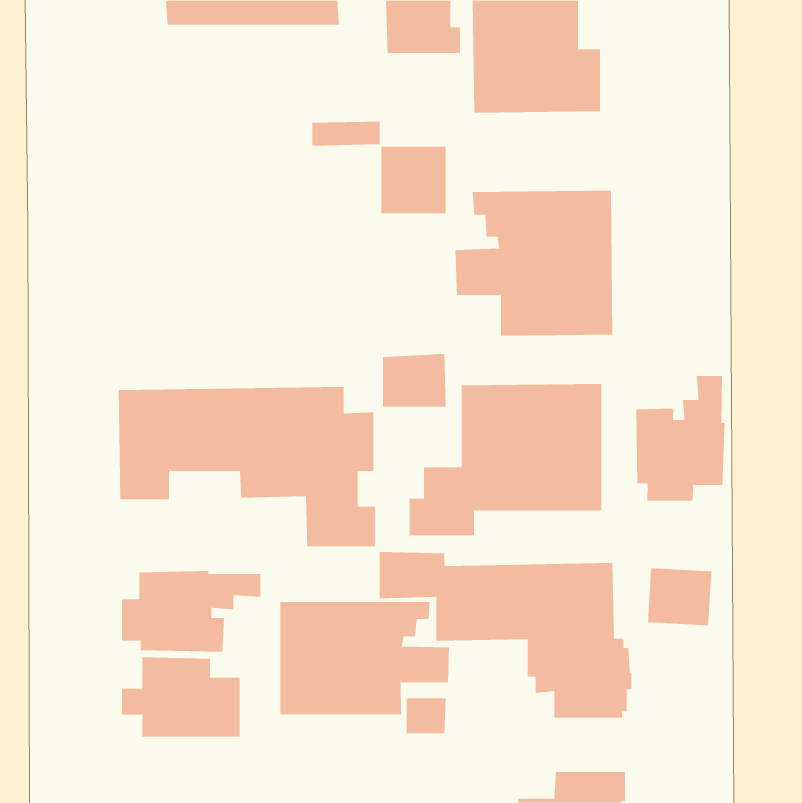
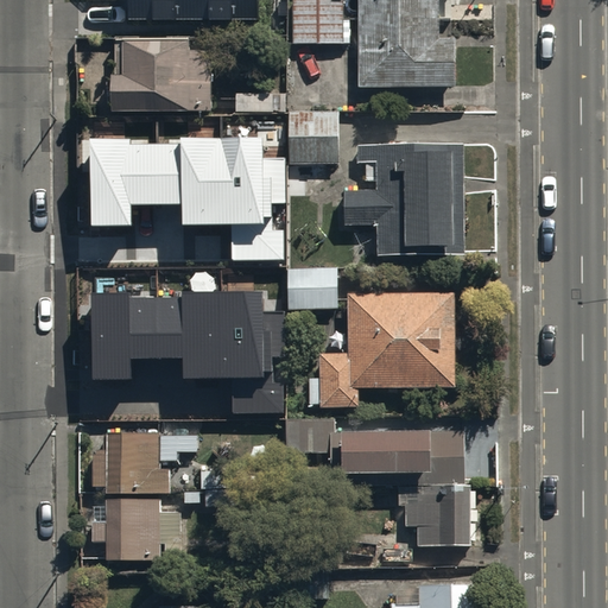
building: none -> [110,38,210,110]
building: none -> [90,139,285,260]
building: [636,375,725,501] -> none
building: [648,568,712,626] -> none
building: [280,601,450,715] -> none

